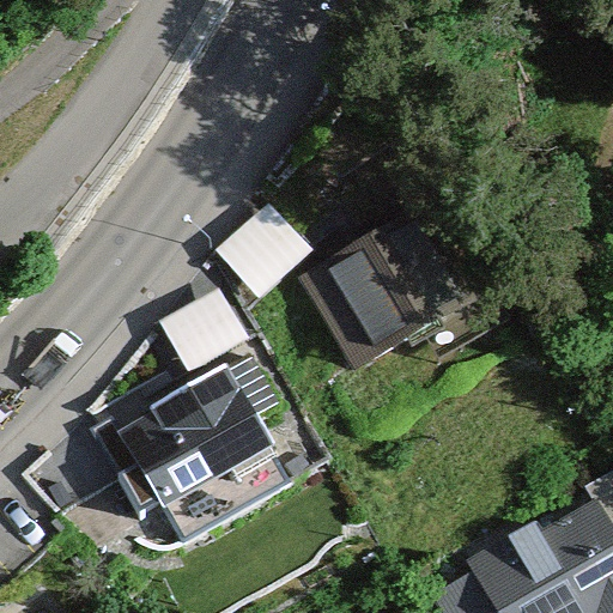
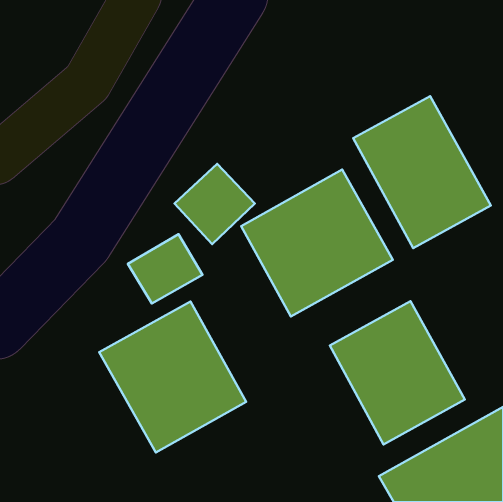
building: none -> [353,96,491,248]
building: none -> [330,301,465,444]

